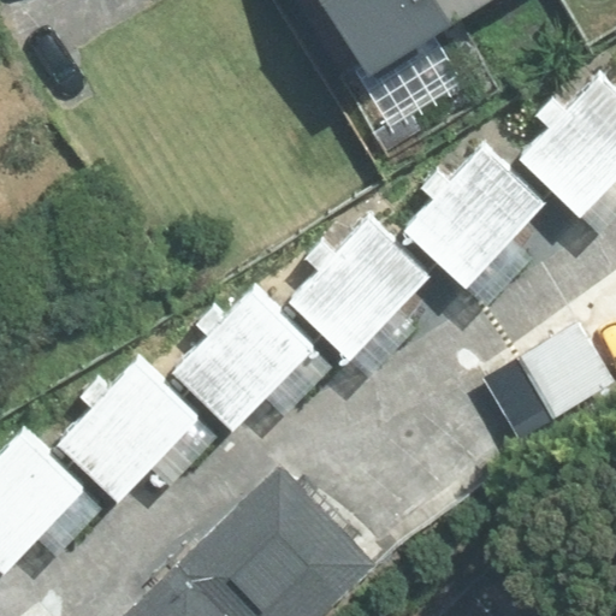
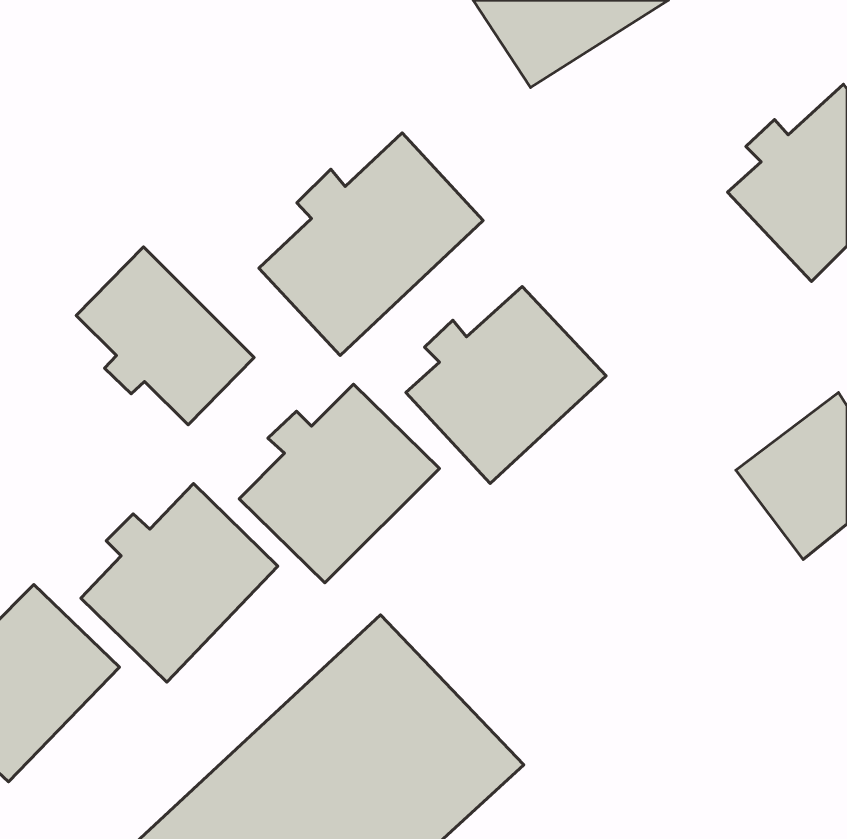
building: none -> [259,133,483,356]
building: [405,146,550,289] -> none
building: none -> [76,247,254,425]

